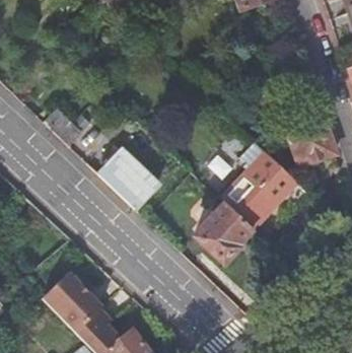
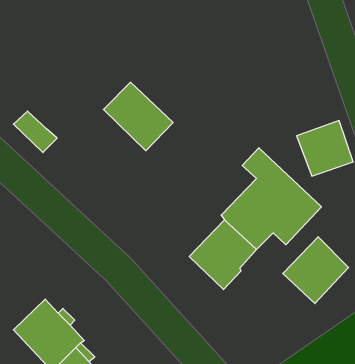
building: [97,149,157,208] -> [103,82,173,151]
building: none -> [283,237,349,304]

